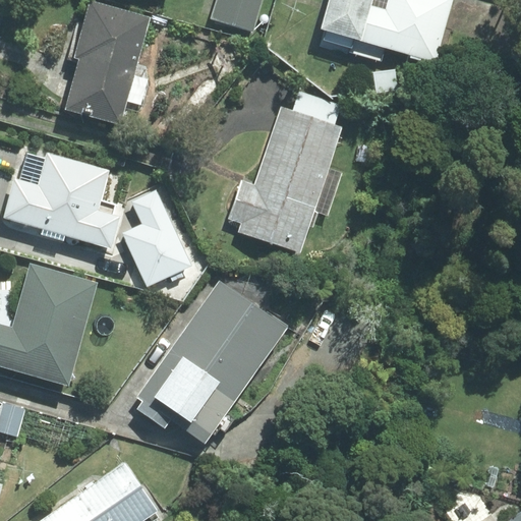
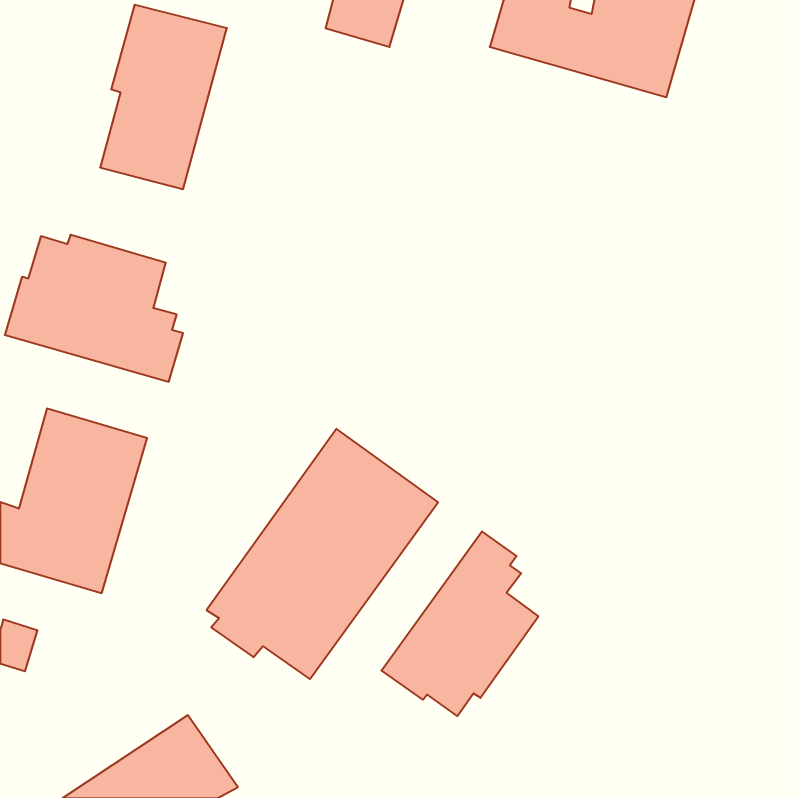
building: [229,93,341,251] -> none
building: [123,191,191,287] -> none
building: none -> [381,531,538,716]

